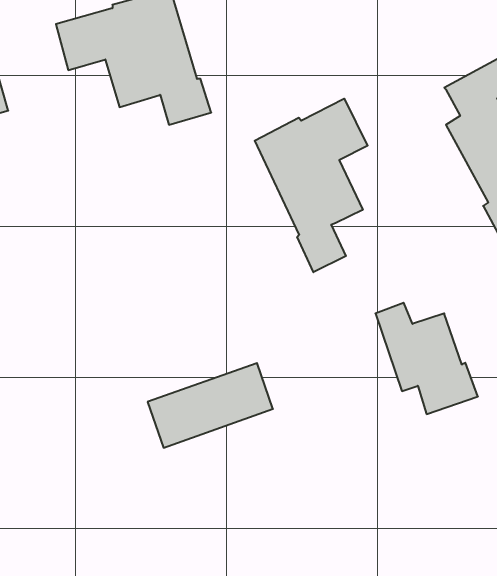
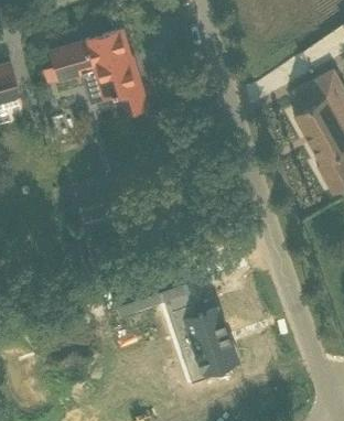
building: [255,99,368,272] -> none
building: [375,303,478,414] -> [172,303,236,373]

